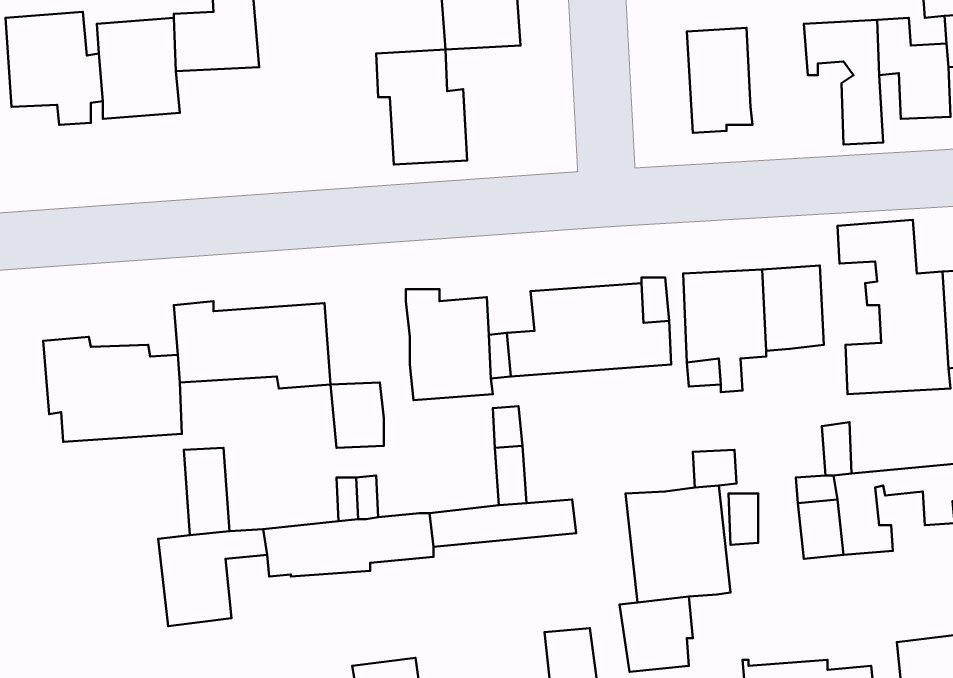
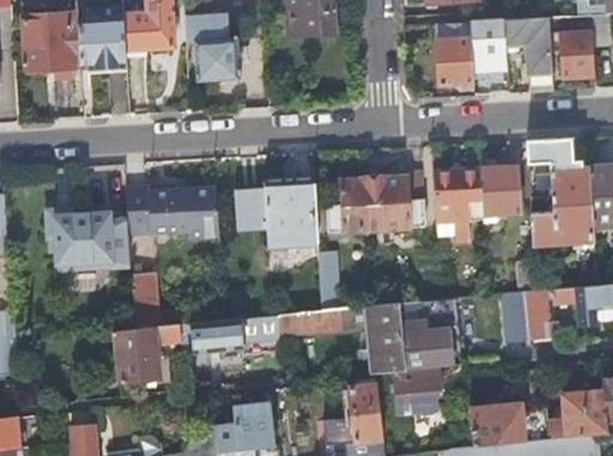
building: none -> [471,19,508,69]
building: [376,49,467,164] -> [186,12,241,81]
building: [330,382,384,448] -> [235,187,267,226]
building: none -> [365,303,405,372]

